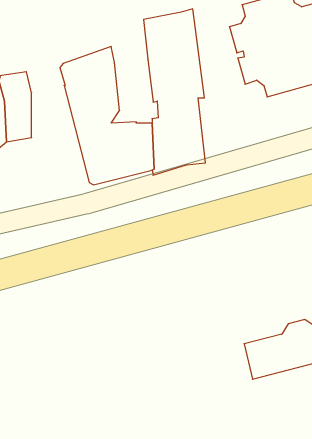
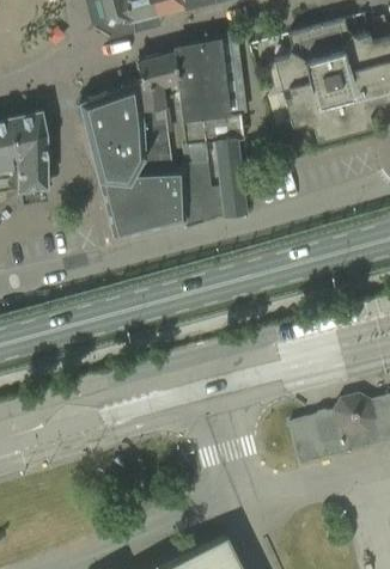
building: none -> [136,49,179,167]

